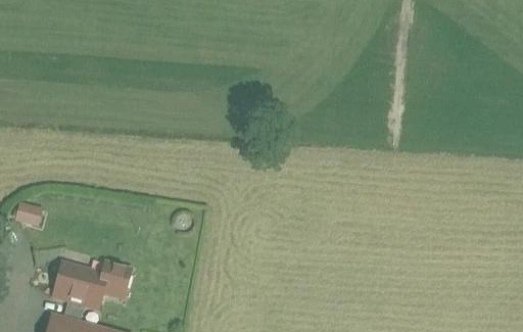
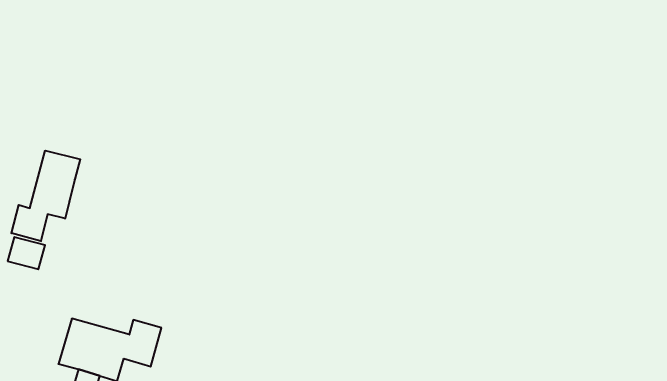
building: none -> [11,151,80,241]

